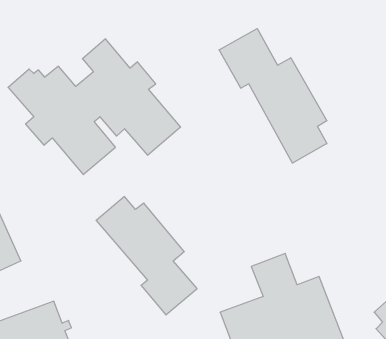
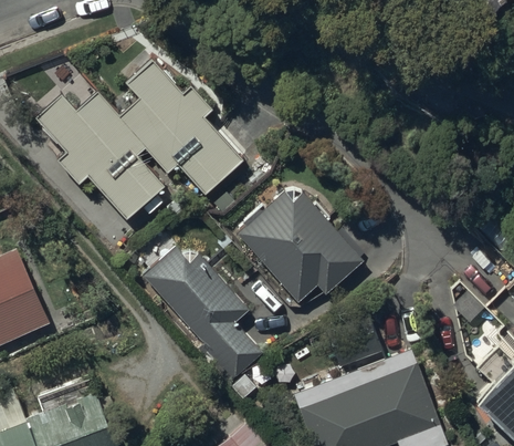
building: [219,29,327,163] -> none
building: none -> [233,193,364,305]

